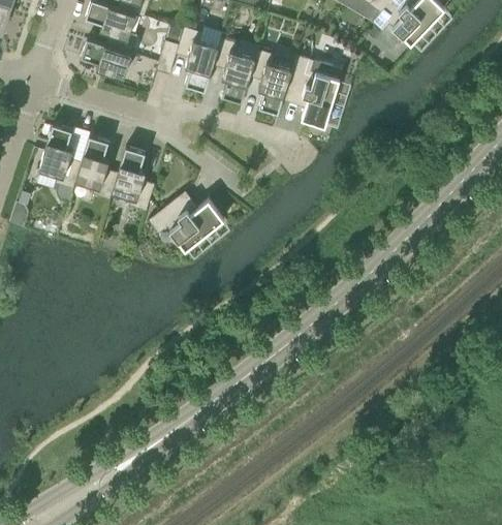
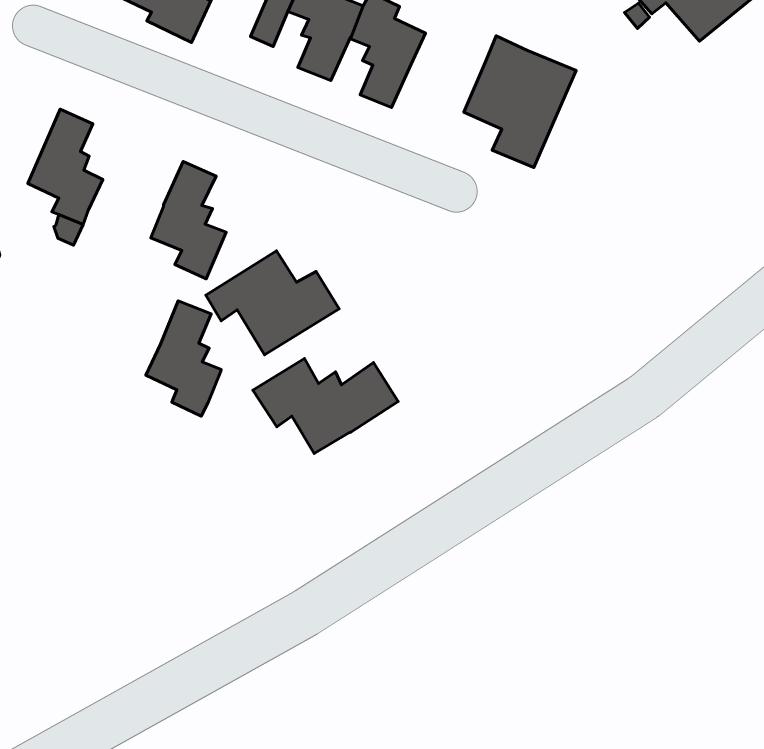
building: [250,49,292,113] -> none
building: [76,135,119,199] -> [146,301,221,416]
building: none -> [253,358,398,453]

